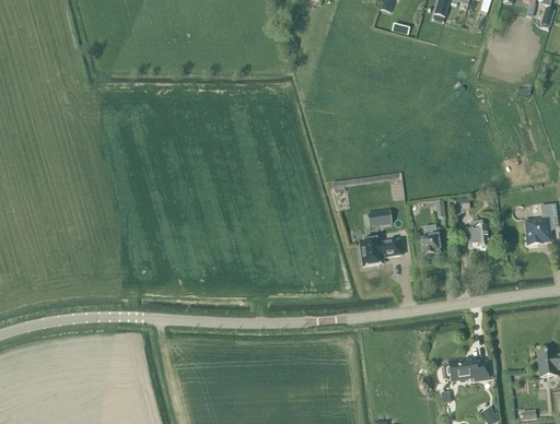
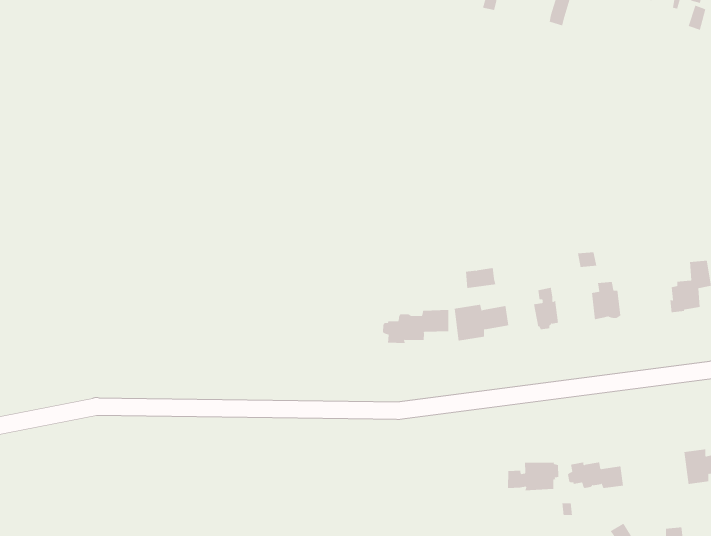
building: none -> [382,309,449,344]
building: none -> [508,462,559,491]

